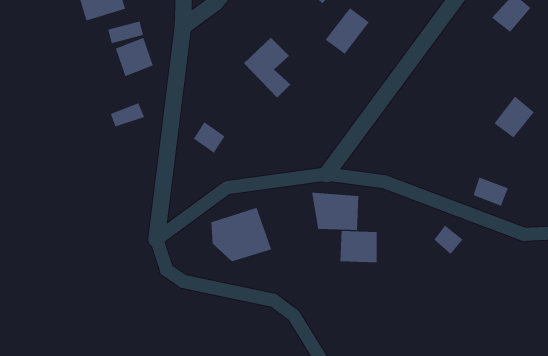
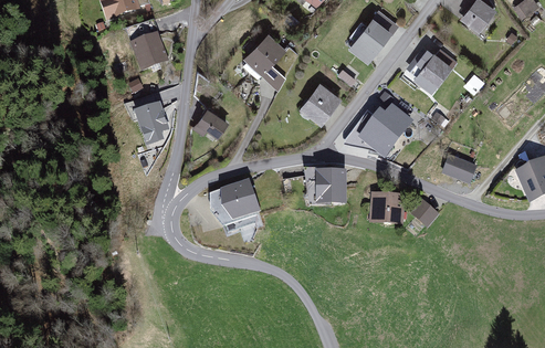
building: [325,7,370,55] -> [349,19,389,61]
building: none -> [301,84,338,123]
building: [493,96,535,138] -> [420,51,457,88]
building: none -> [135,105,167,146]
building: none -> [359,108,410,157]
building: [340,230,377,263] -> [373,197,406,225]

